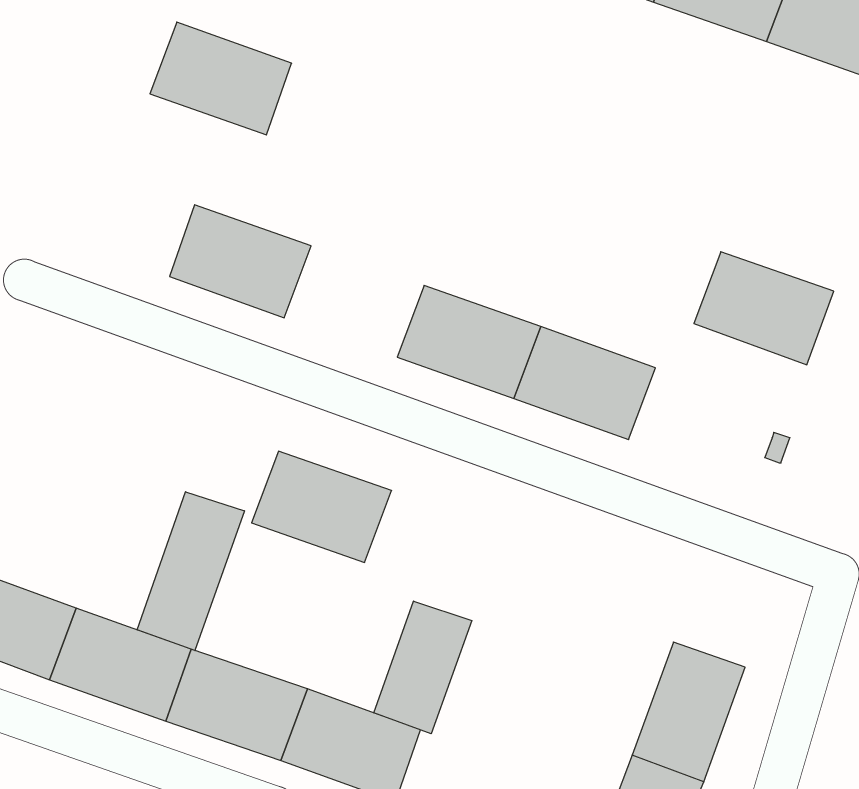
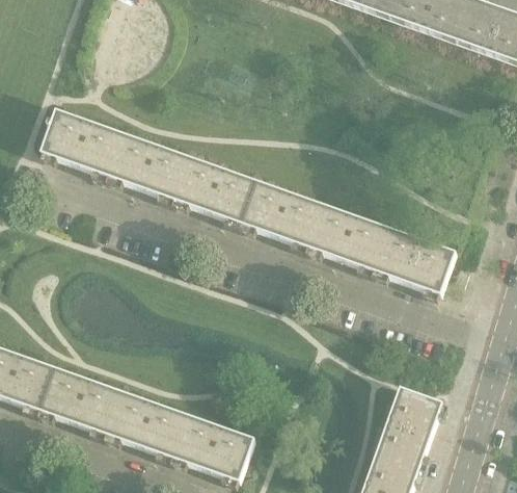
building: [150,22,292,135] -> [39,108,121,174]
building: [694,252,834,365] -> [373,227,454,292]
building: [252,451,392,562] -> [173,156,254,220]
building: [137,492,244,651] -> none
building: [374,601,472,734] -> none

